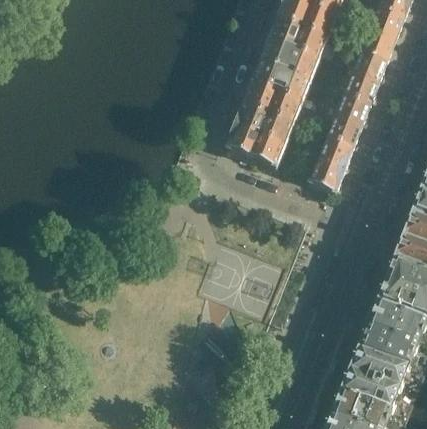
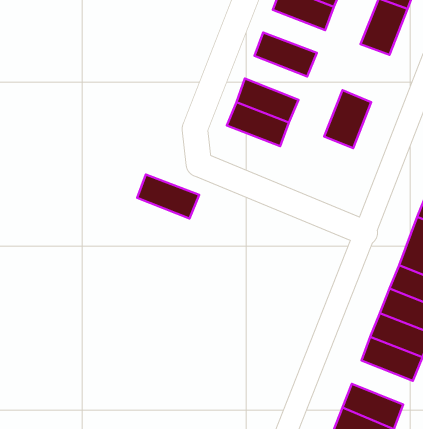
building: [270,15,328,55] -> none
building: [344,47,388,101] -> none
building: [253,58,311,99] -> none
building: [228,123,286,164] -> [137,174,199,218]
building: [310,133,354,188] -> none
building: [353,342,410,383] -> none

